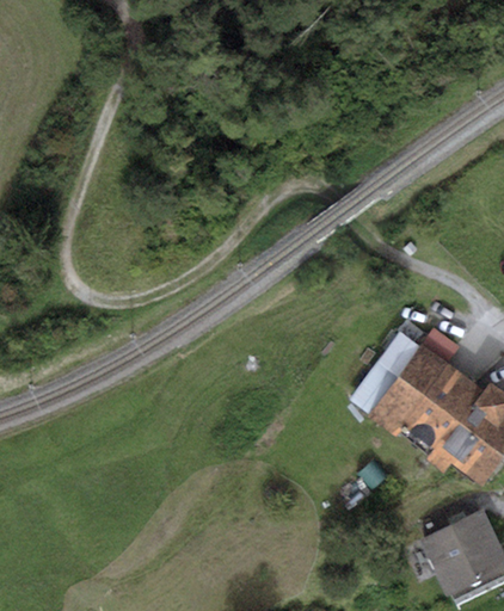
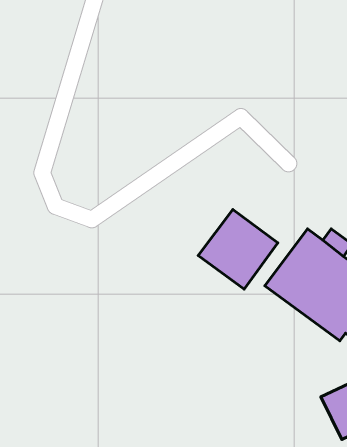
building: none -> [198,209,278,289]

